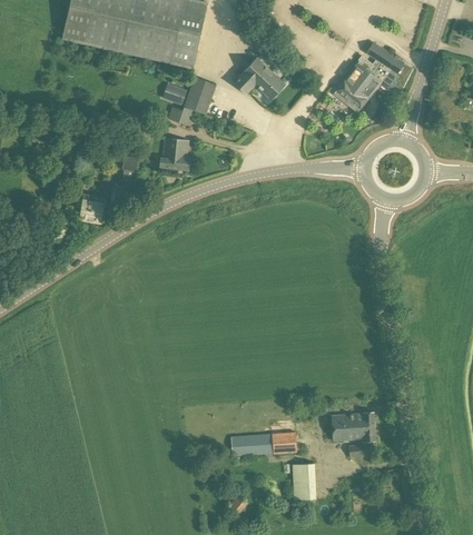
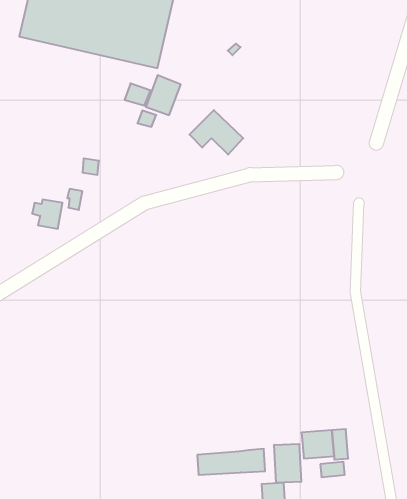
building: [336,41,412,108] -> none
building: [234,57,285,99] -> [189,110,243,155]
building: [159,137,189,169] -> none
building: none -> [274,444,301,483]

